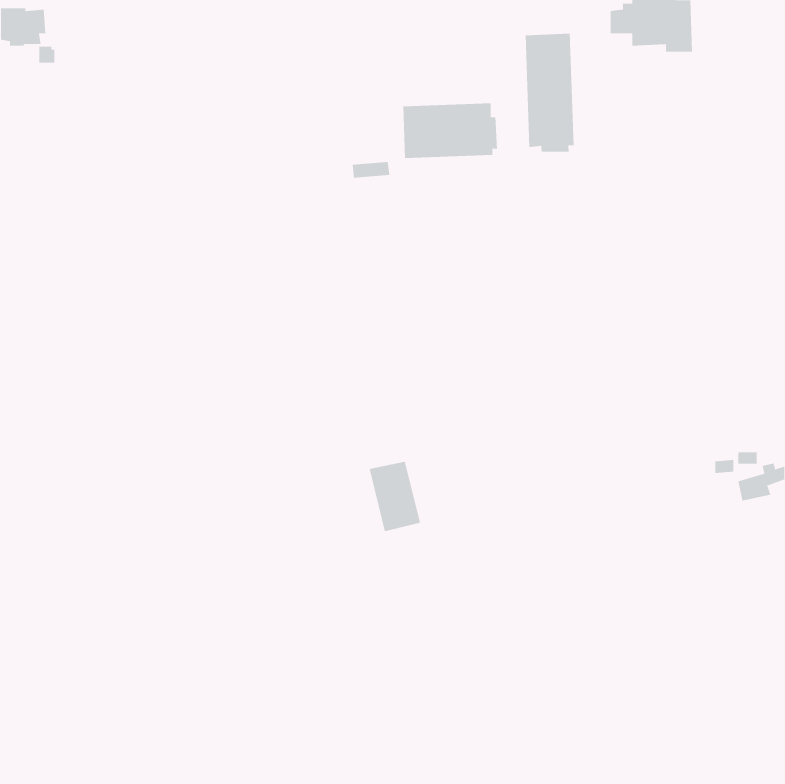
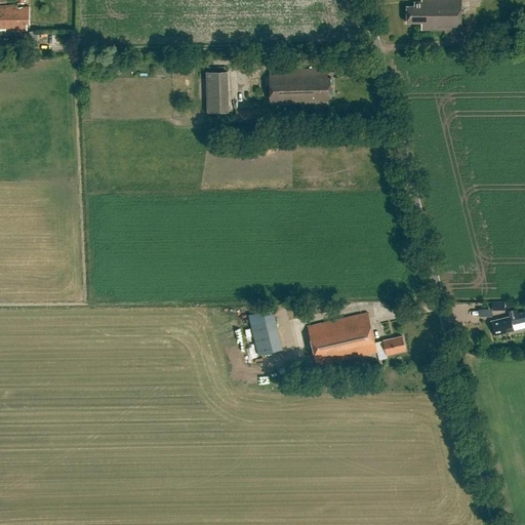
building: [525,33,574,152] -> none
building: none -> [207,71,231,113]
building: none -> [308,314,406,374]

